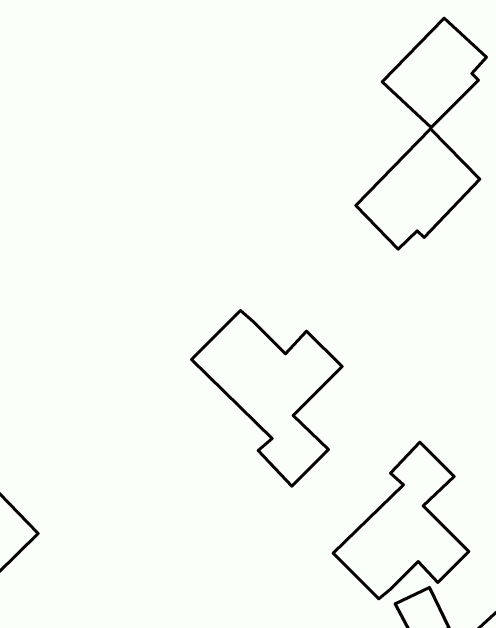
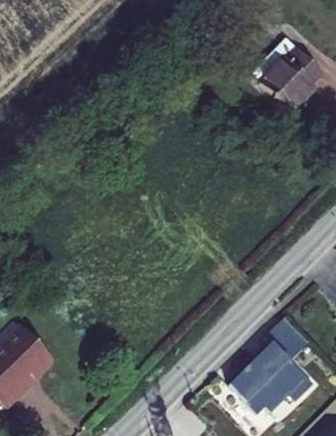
building: [356,129,480,249] -> none
building: [192,311,342,486] -> none

